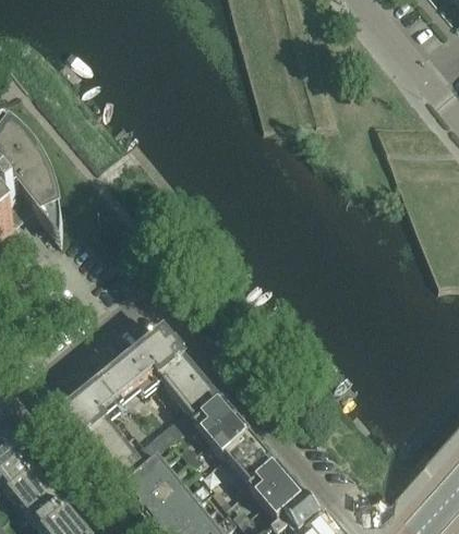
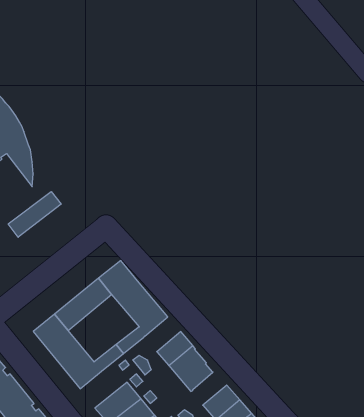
building: none -> [8,192,61,237]
building: [192,396,235,437] -> none
building: [247,450,290,500] -> none
building: [119,453,172,503] -> none

